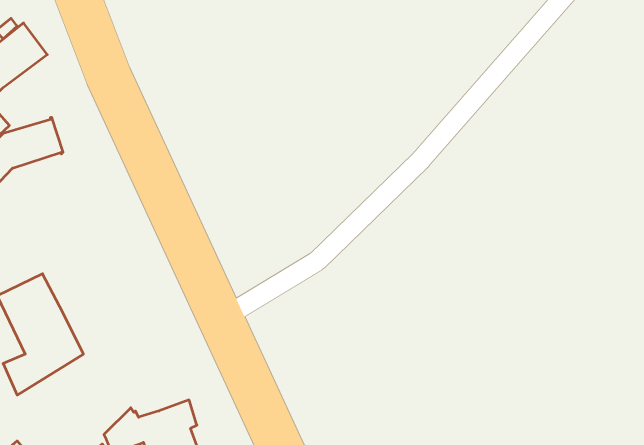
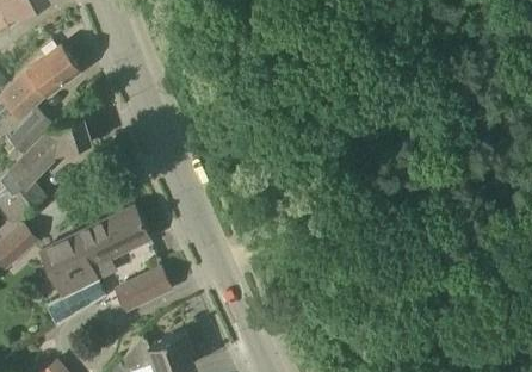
building: none -> [75,206,149,265]
building: none -> [116,267,171,310]

